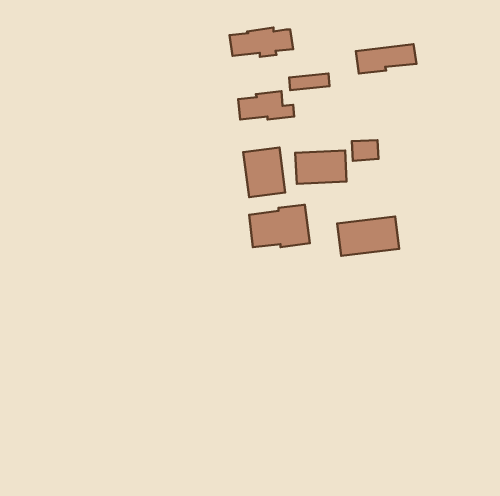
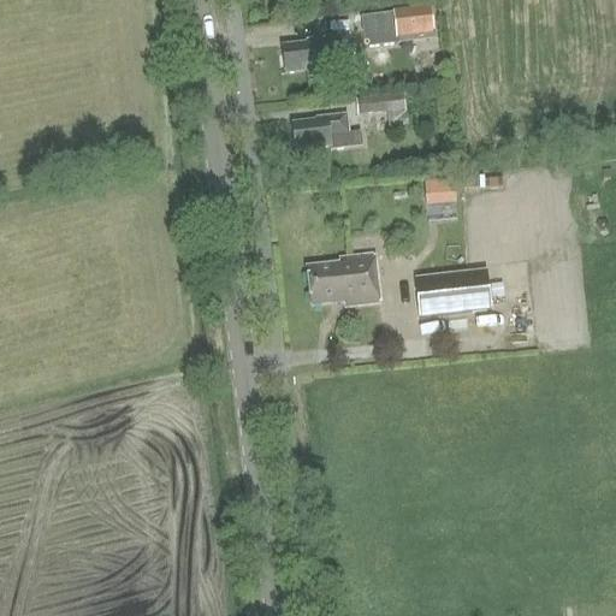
building: [356,44,417,74] -> [359,6,433,42]
building: [243,148,285,197] -> none
building: [295,150,347,184] -> none

